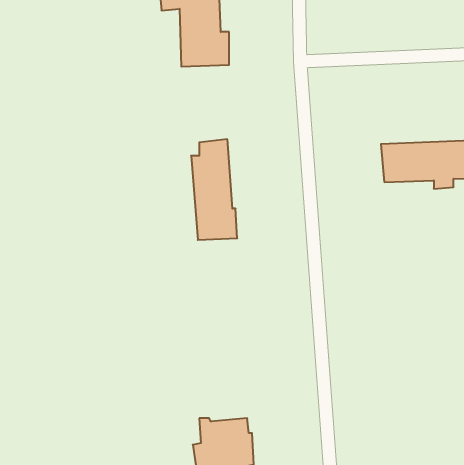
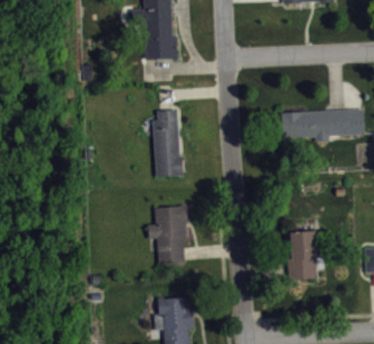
building: none -> [148,205,188,264]
building: none -> [286,232,325,279]

